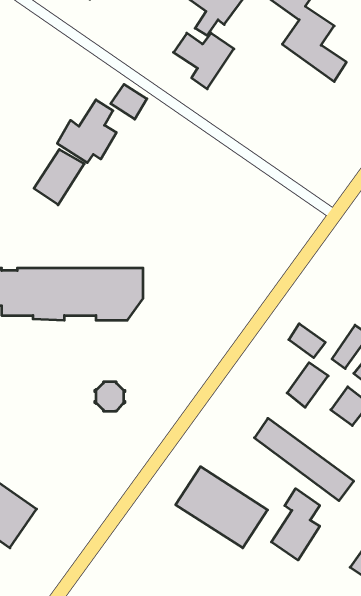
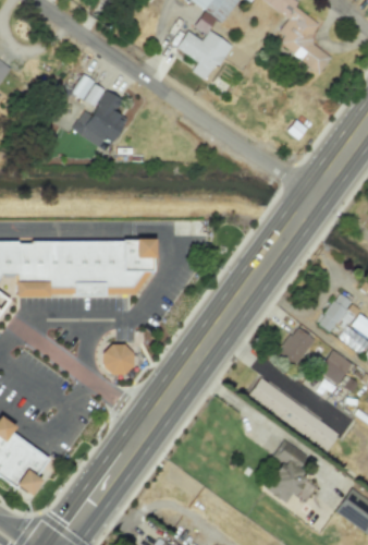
building: [111,84,147,119] -> [72,75,105,107]
building: [34,149,84,205] -> none
building: [289,324,325,358] -> none
building: [176,467,268,548] -> none

